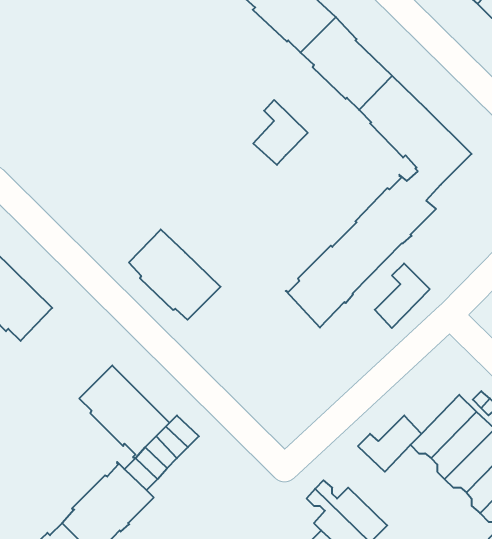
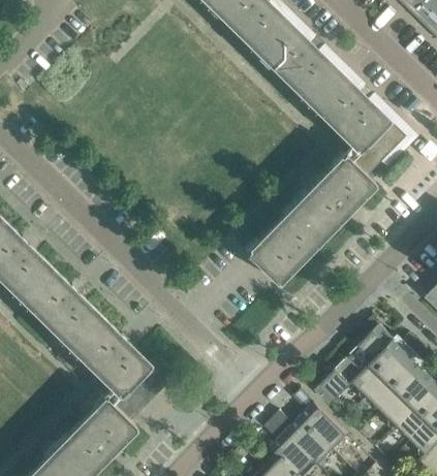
building: [253,100,308,165] -> none
building: [129,229,221,320] -> [23,266,100,343]
building: [375,263,430,328] -> [347,318,394,373]
building: none -> [292,389,347,450]

